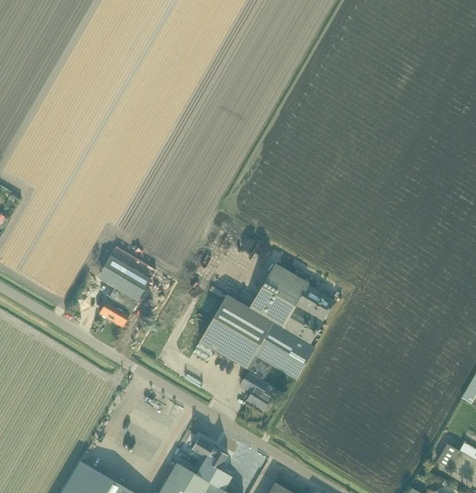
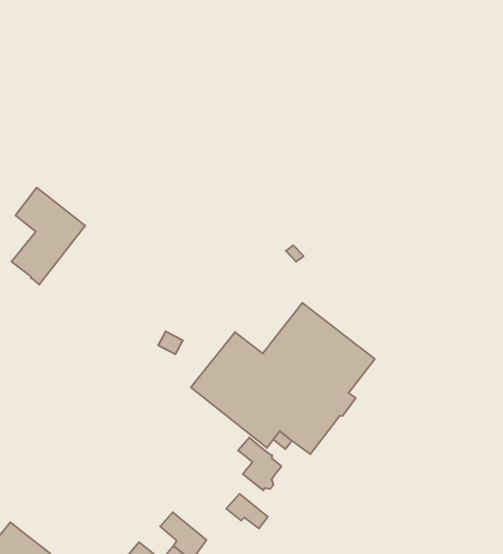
building: [97,255,150,327] -> [12,188,85,285]
building: none -> [226,494,268,529]

